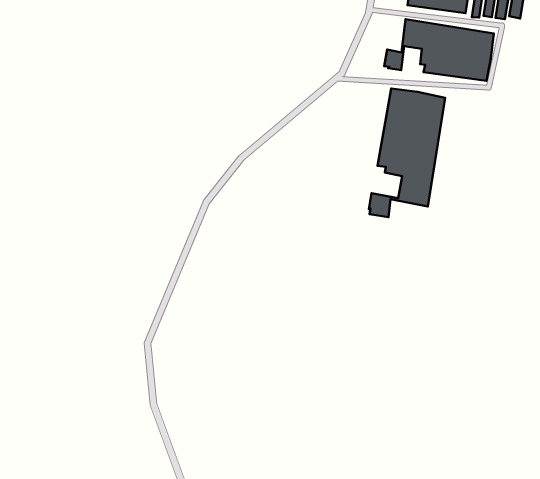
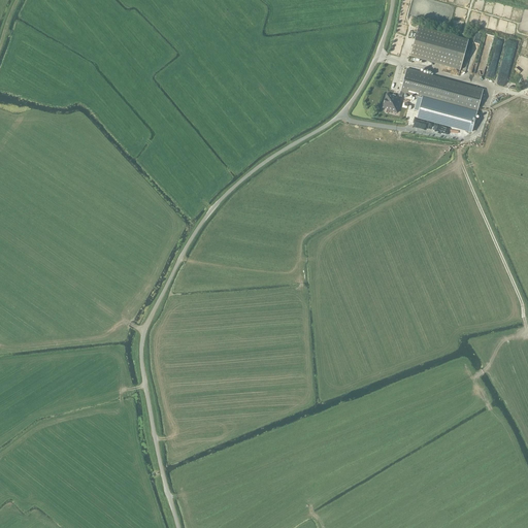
building: [369,89,445,217] -> none

